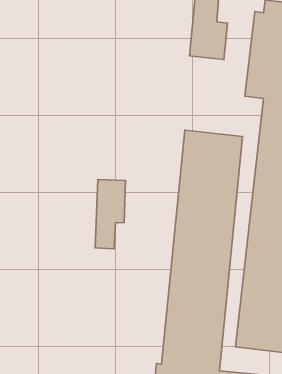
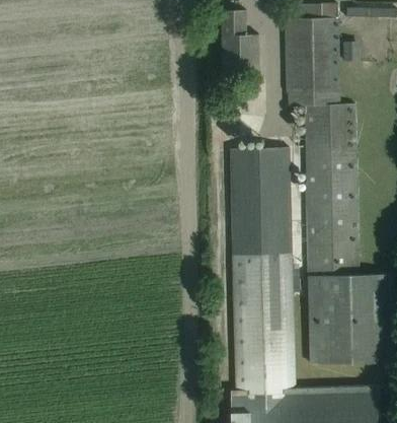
building: [95,180,125,249] -> none

